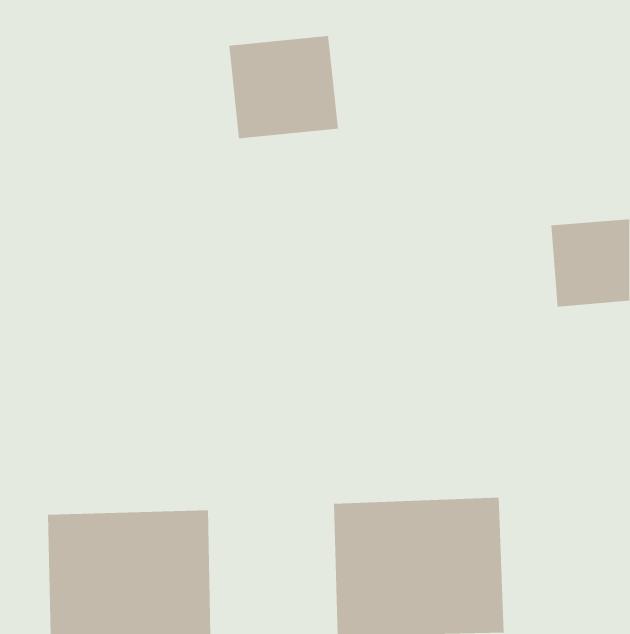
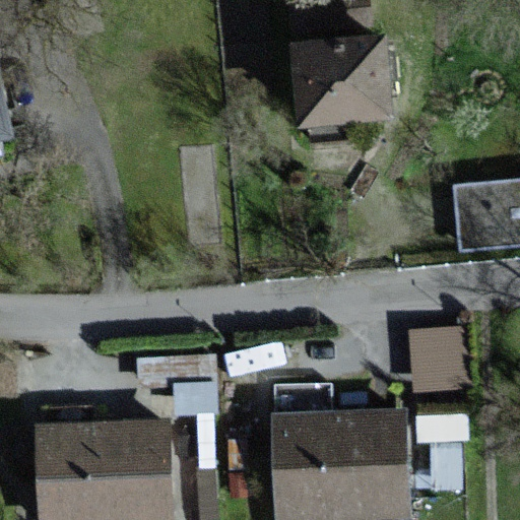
building: [228,36,339,139] -> [296,40,386,124]
building: none -> [406,326,469,392]

